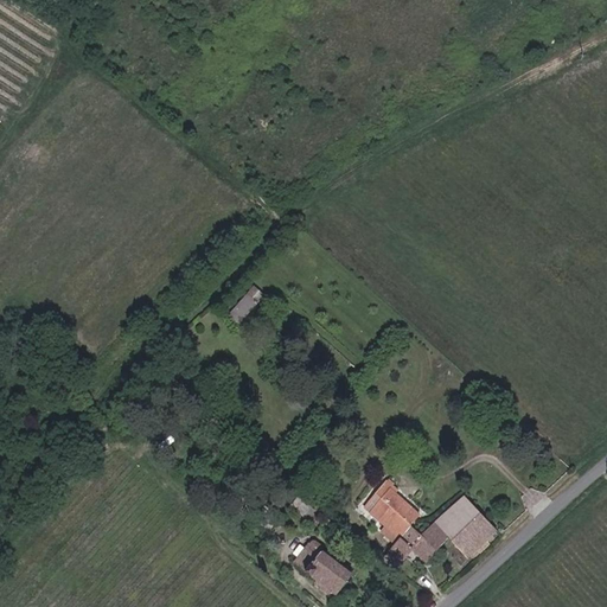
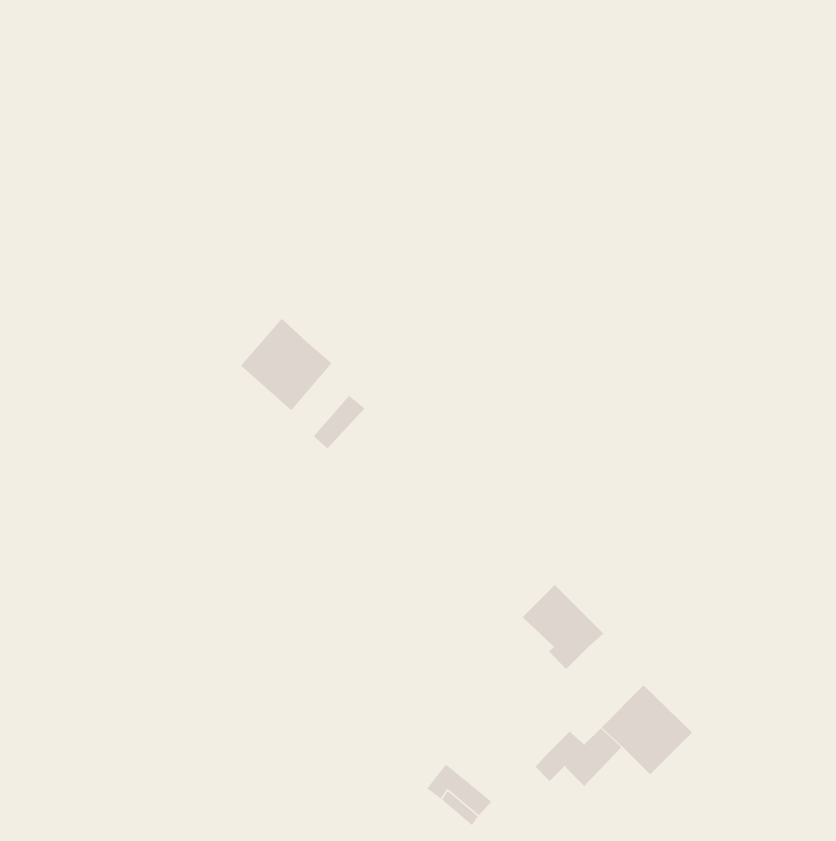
building: none -> [240,318,333,411]
building: [362,481,421,543] -> [522,584,604,670]

